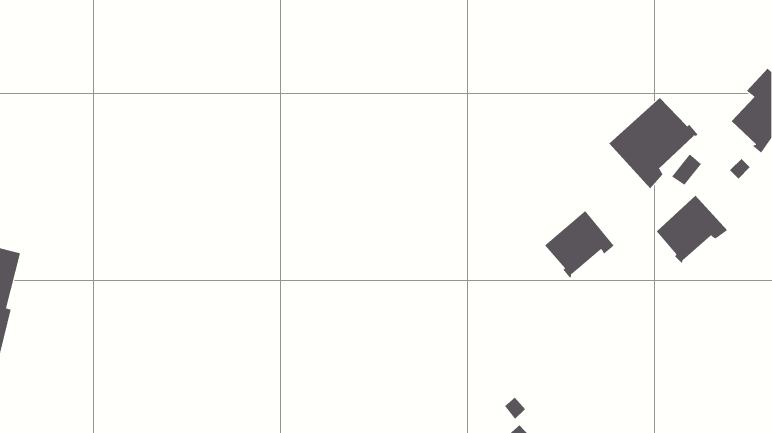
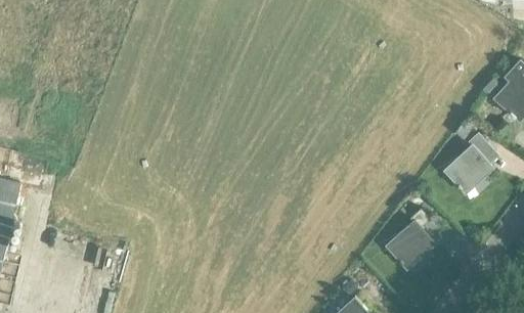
building: [609,97,698,189] -> none
building: [544,210,615,279] -> [387,220,434,266]

